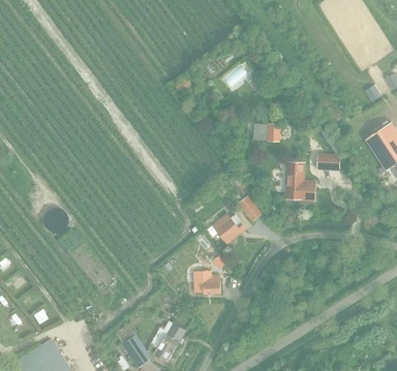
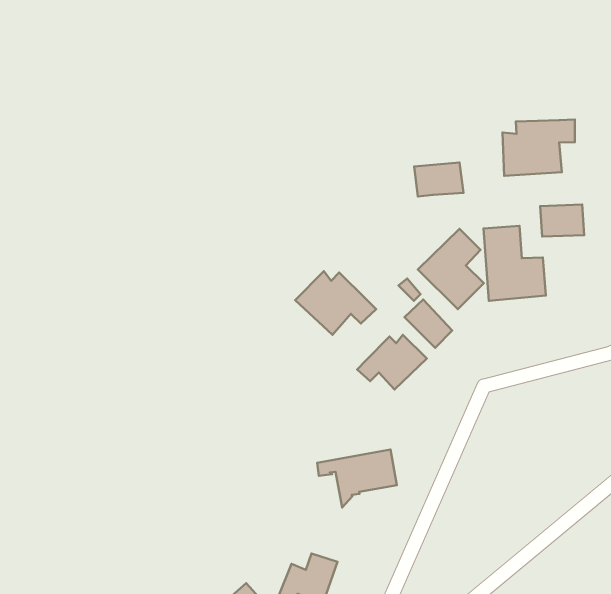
building: none -> [503,120,575,176]
building: none -> [418,229,484,309]
building: none -> [295,271,376,335]

